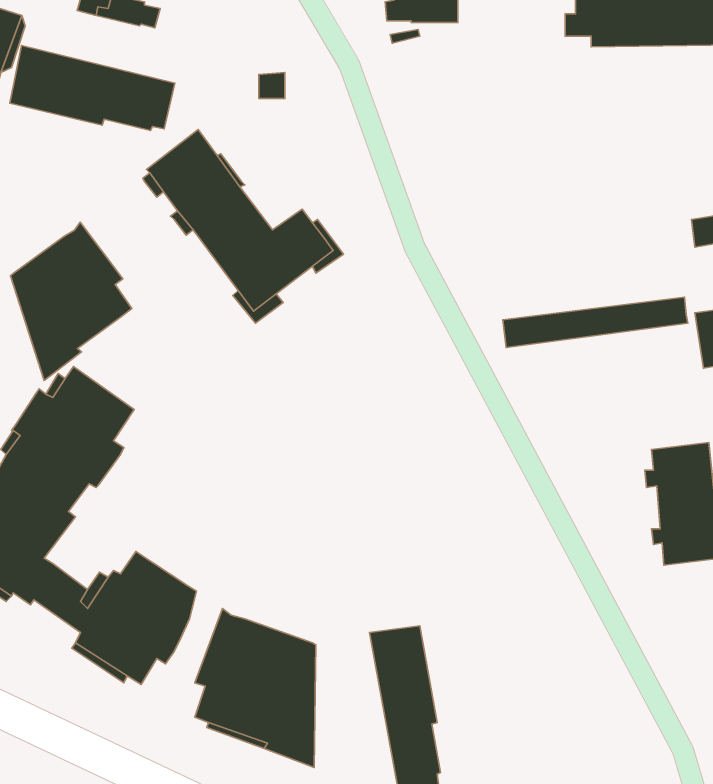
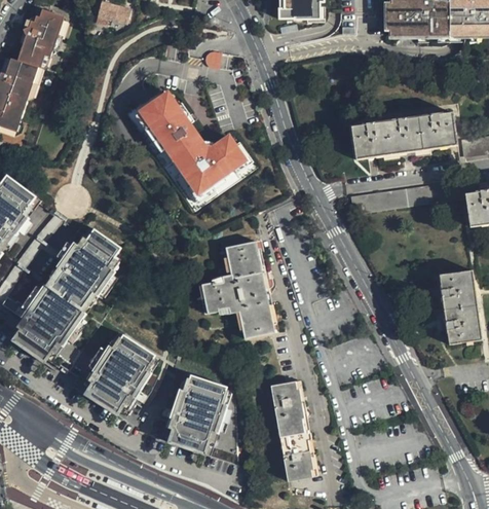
building: [10,46,175,130] -> none
building: none -> [347,109,454,160]
building: [11,222,132,380] -> none
building: none -> [200,240,273,337]

